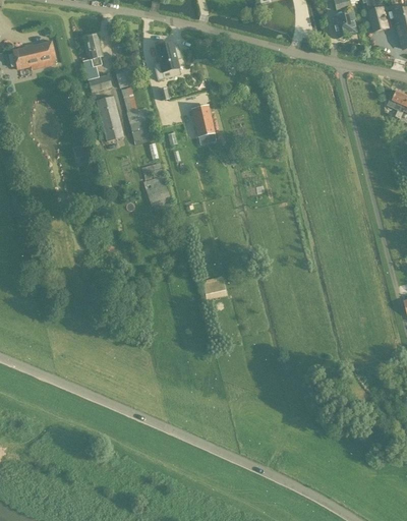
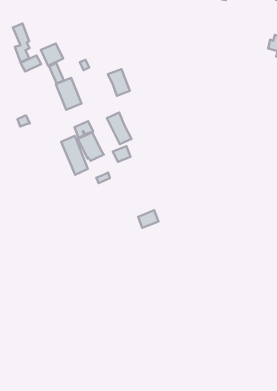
building: [153,41,180,78] -> none
building: [95,94,122,140] -> [61,136,88,175]
building: none -> [107,112,131,144]

